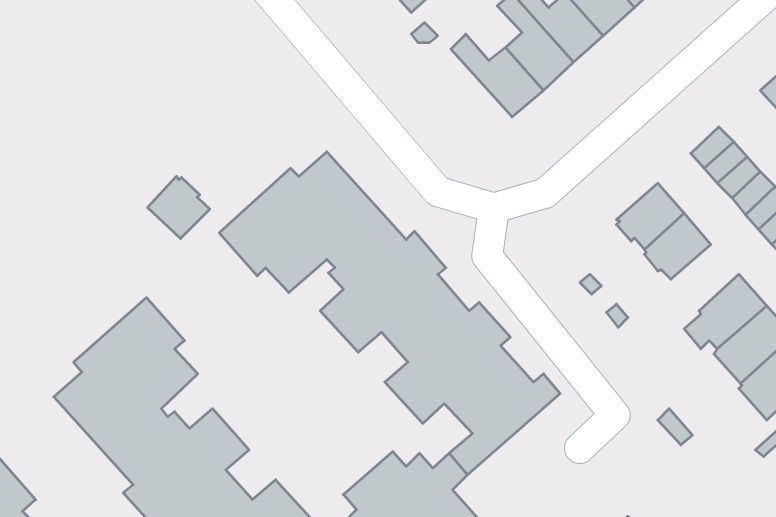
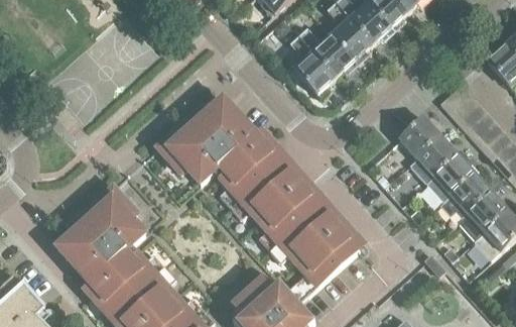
building: none -> [289,34,336,93]
building: [148,176,210,239] -> none
building: none -> [432,153,474,194]

